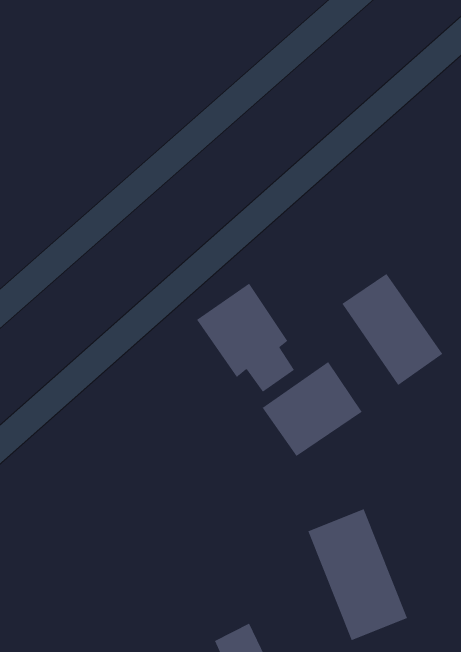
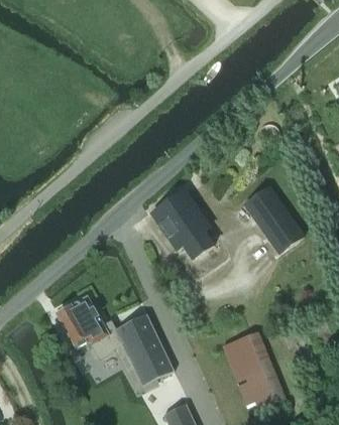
building: [262,361,363,457] -> none
building: none -> [58,297,174,385]

